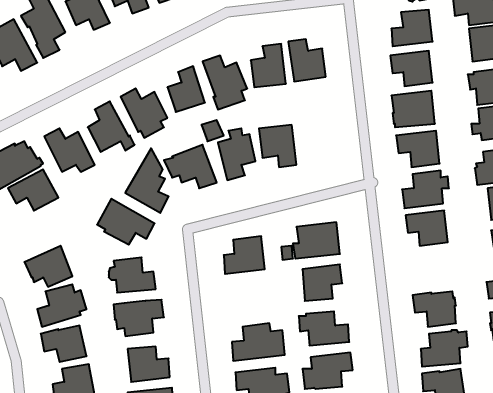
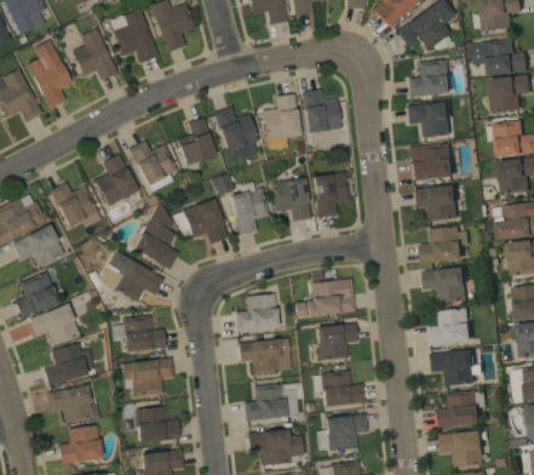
building: none -> [312,172,350,217]
building: none -> [15,269,61,317]
building: none -> [427,308,471,345]
building: none -> [237,338,291,374]

